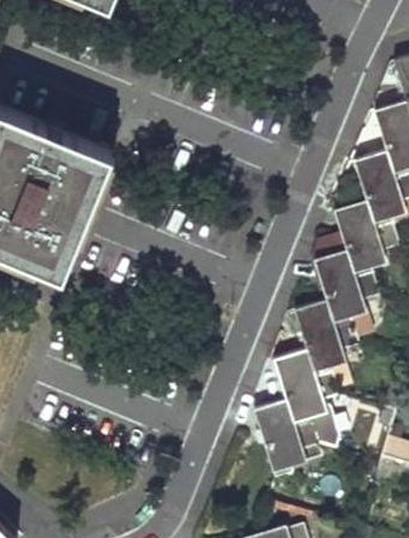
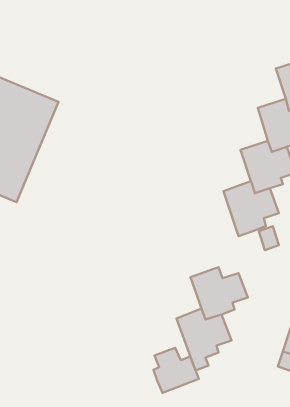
building: [293,303,358,369] -> none
building: none -> [153,348,199,393]

